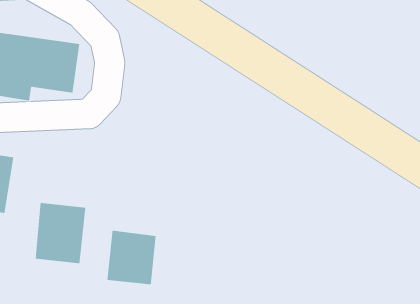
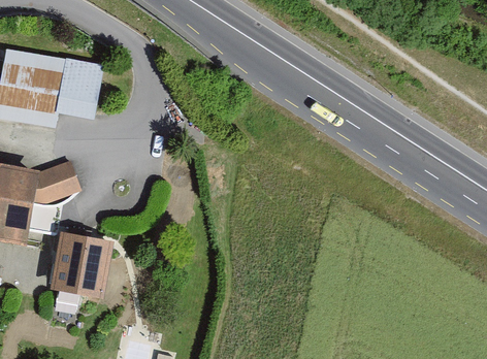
building: none -> [37,161,77,199]
building: [107,230,156,285] -> none

